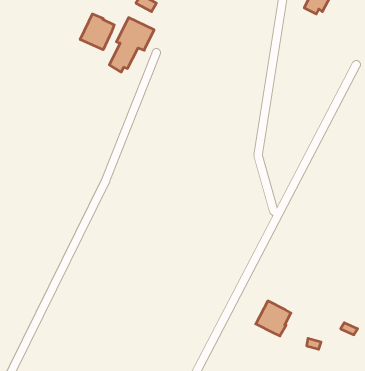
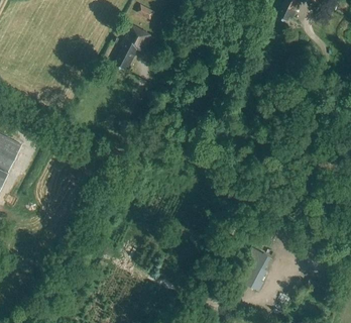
building: [80,14,114,50] -> none

